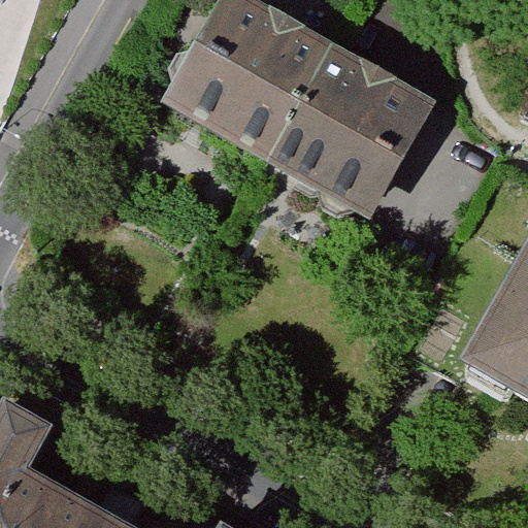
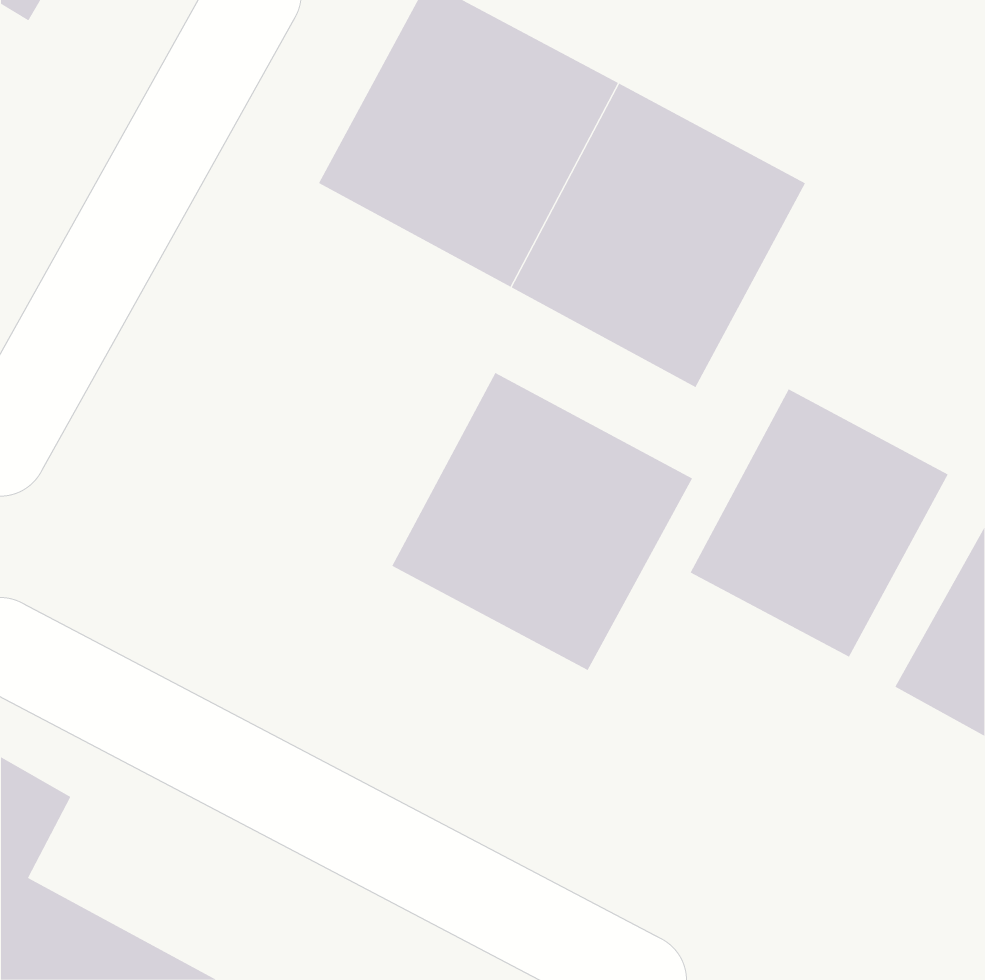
building: none -> [391,372,693,671]
building: none -> [690,388,948,657]

